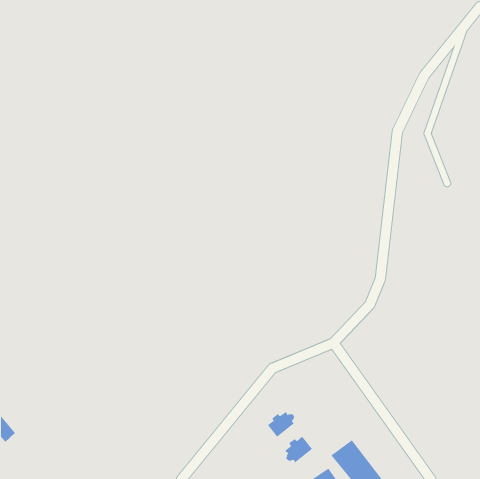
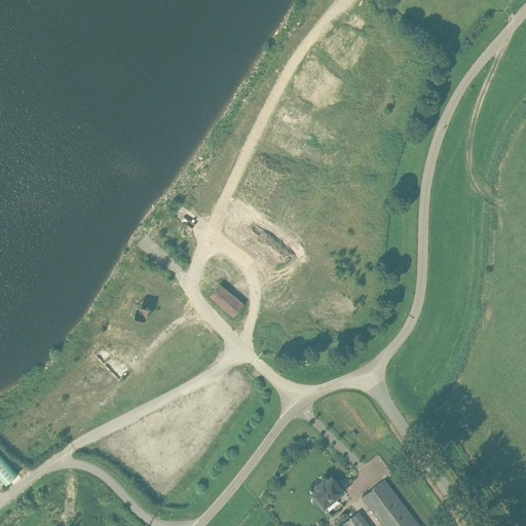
building: none -> [209,284,246,317]
building: [267,411,295,437] -> none

